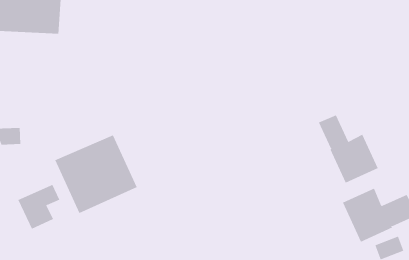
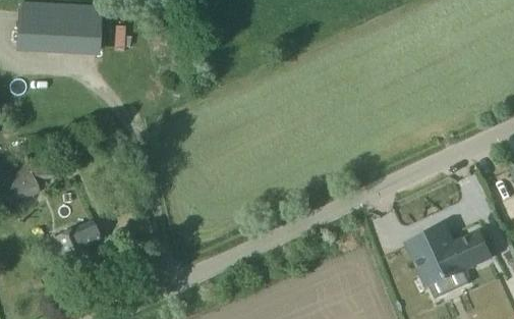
building: [318,115,379,183] -> none
building: [55,134,138,214] -> none

